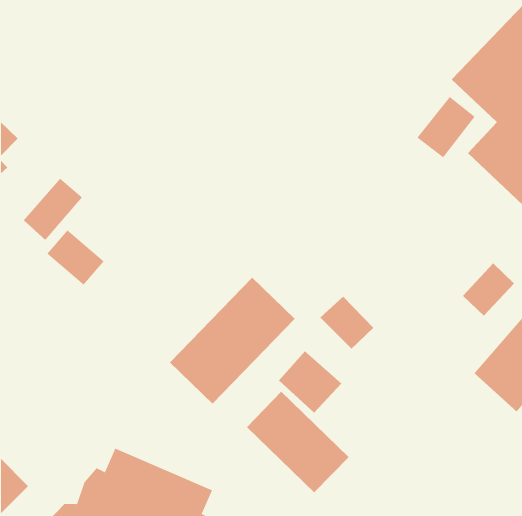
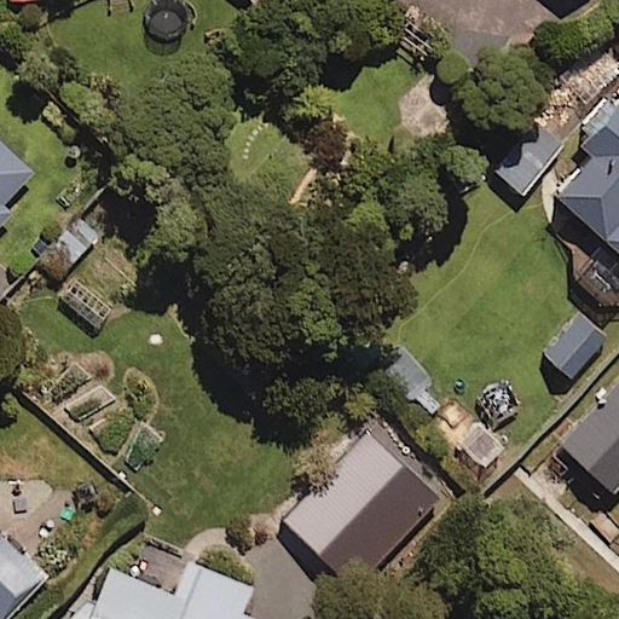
building: [169,277,295,405] -> none

